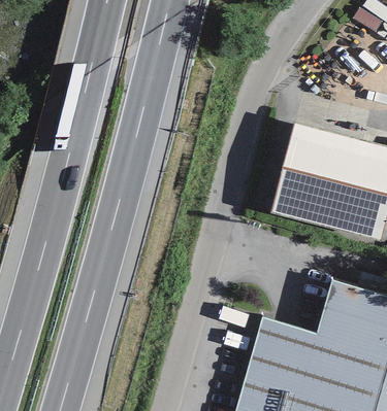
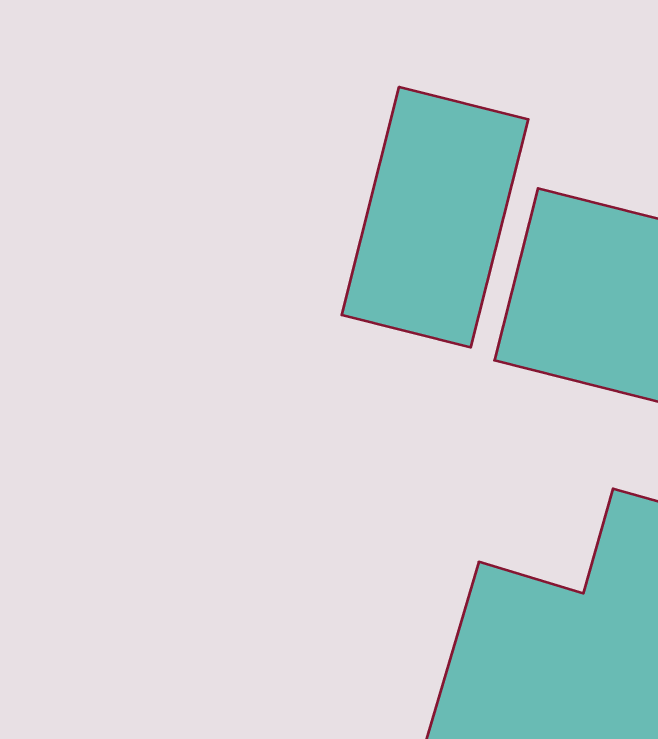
building: none -> [342,87,528,347]

